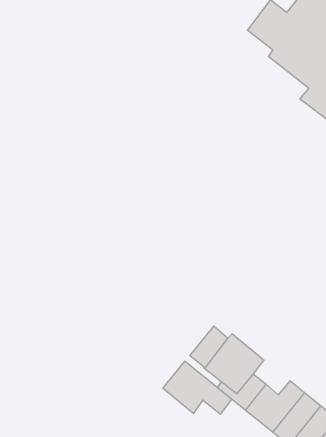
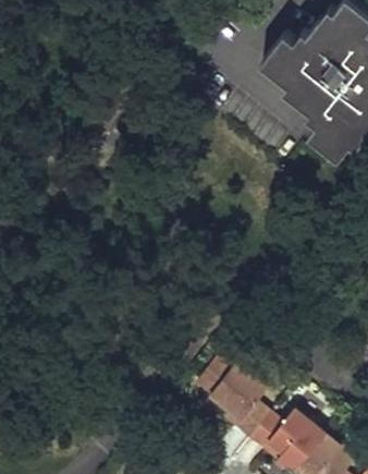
building: [163,361,232,414] -> none

